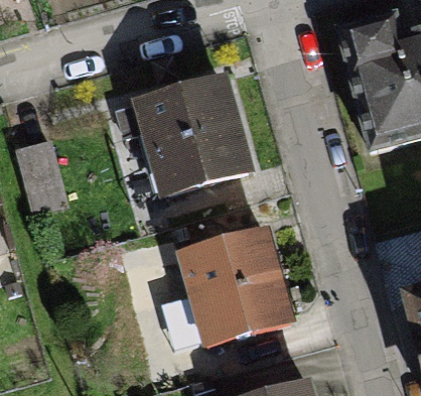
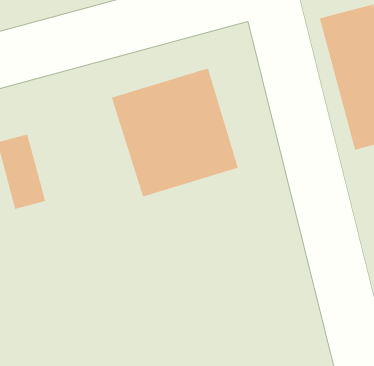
building: [180,230,292,345] -> none

